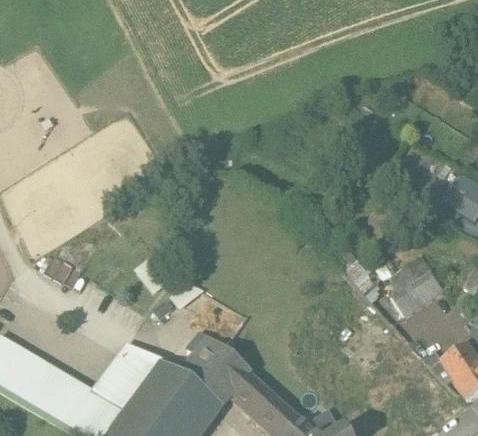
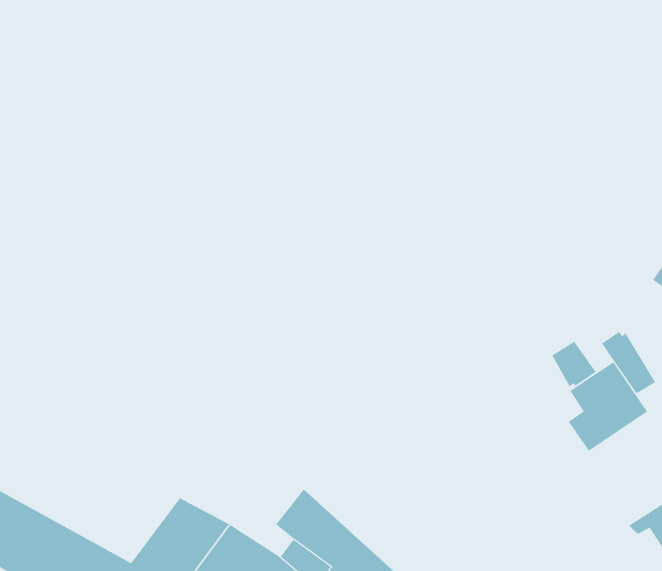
building: none -> [601,331,656,394]
building: none -> [552,341,597,387]

